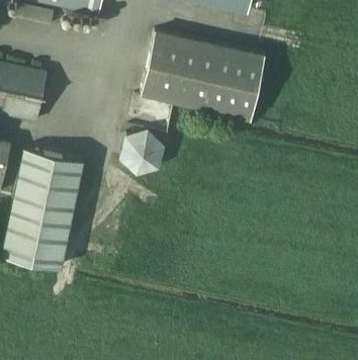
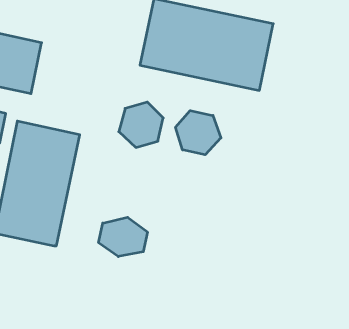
building: none -> [176,111,221,155]
building: none -> [99,217,147,257]

